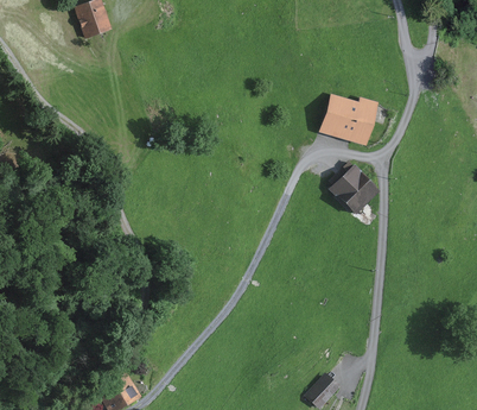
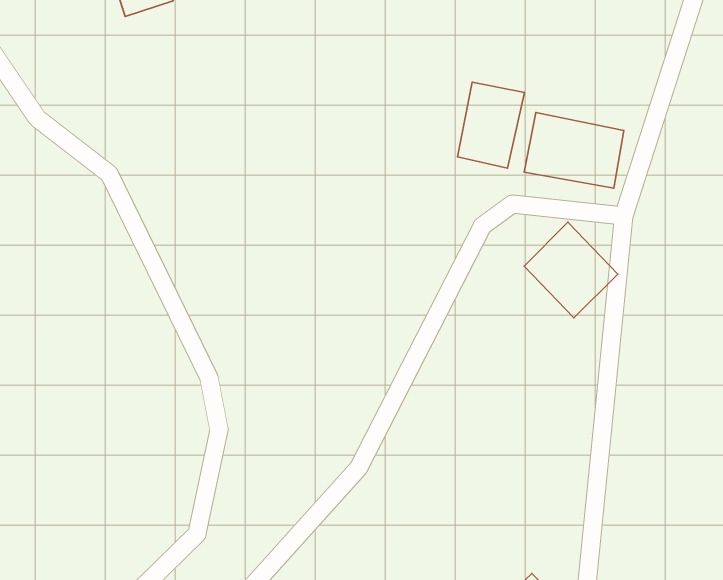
building: none -> [458,82,524,168]

